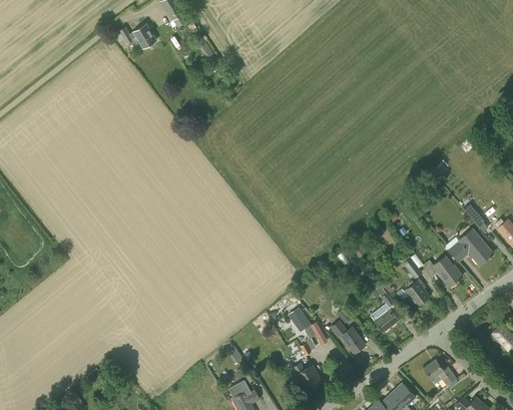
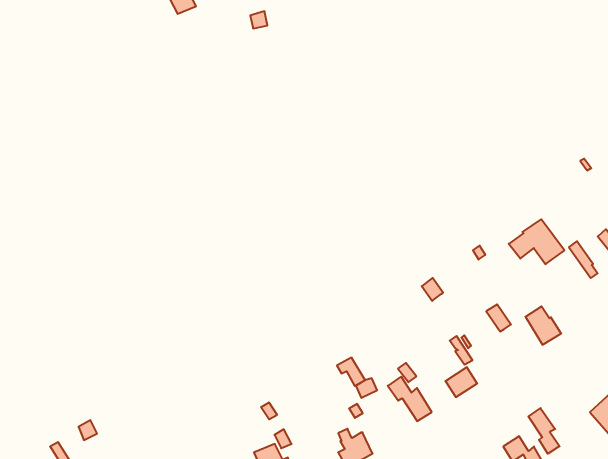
building: [449,230,493,265] -> [509,219,564,264]
building: [397,280,430,306] -> none
building: none -> [528,408,560,454]

